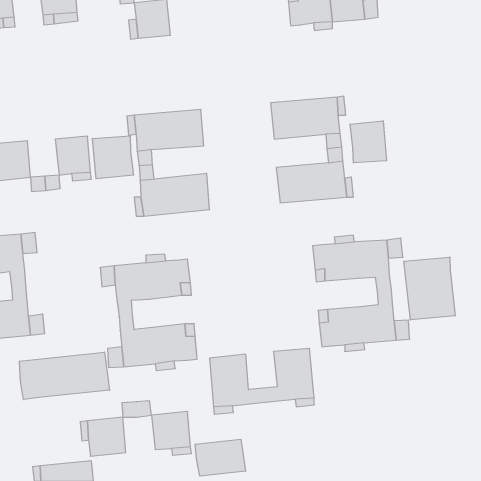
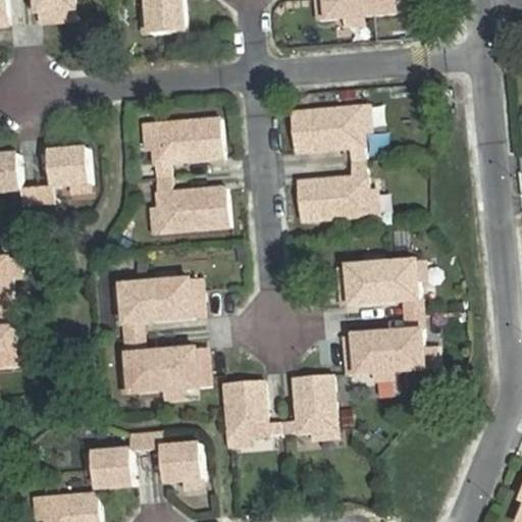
building: [350,121,387,163] -> none
building: [93,136,133,179] -> none
building: [404,257,455,320] -> none
building: [20,352,110,400] -> none
building: [195,439,246,476] -> none

